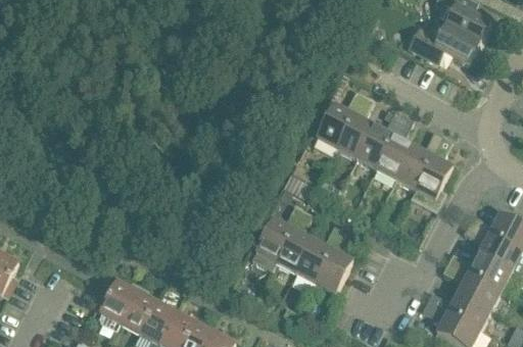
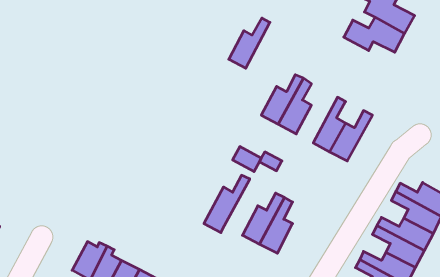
building: [355,110,402,167] -> [229,18,270,68]
building: [414,136,451,199] -> none
building: [274,208,313,272] -> none

